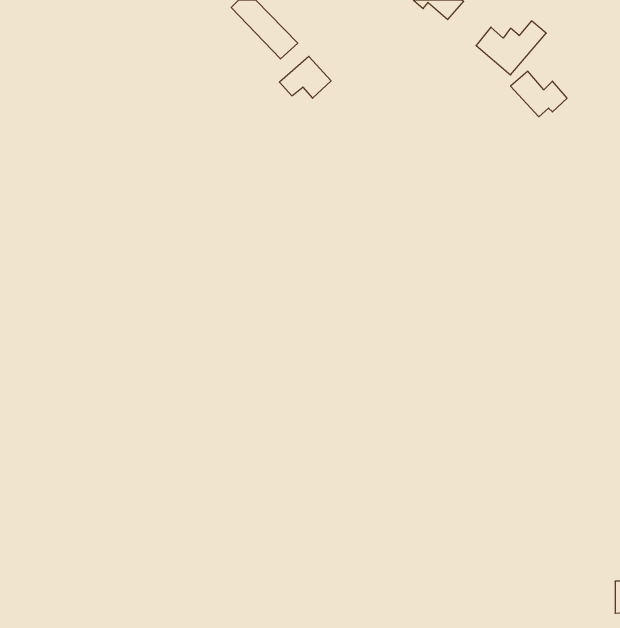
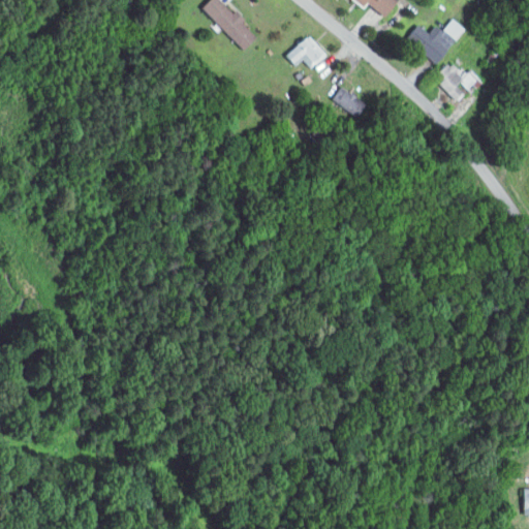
building: [279,56,331,98] -> [285,34,329,69]
building: none -> [332,86,367,116]

